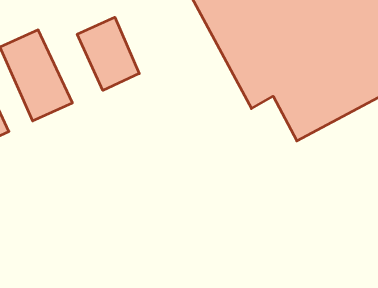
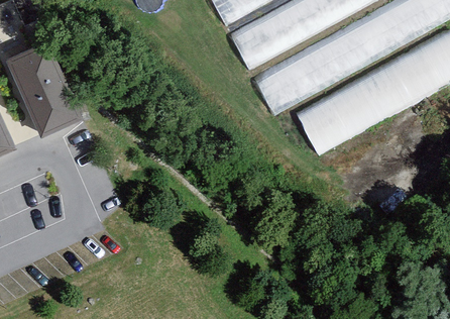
building: [77,17,139,90] -> none

